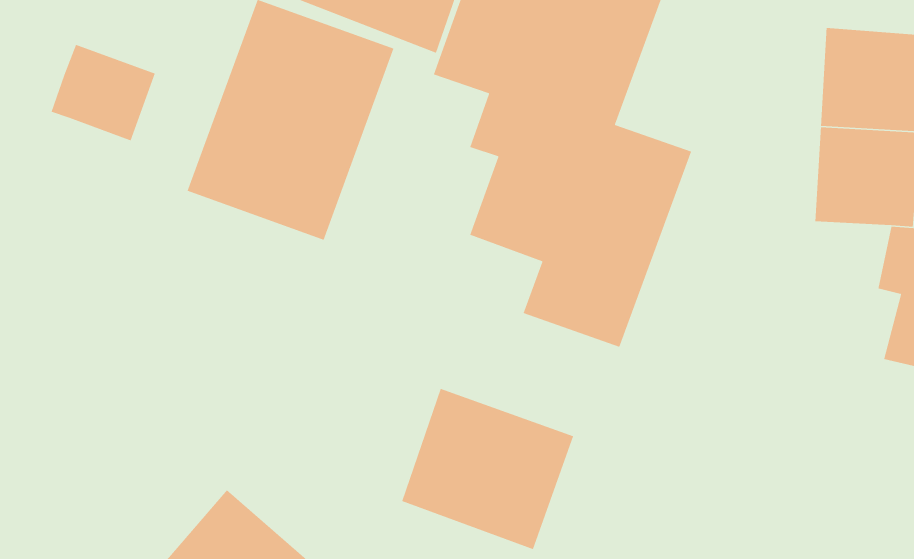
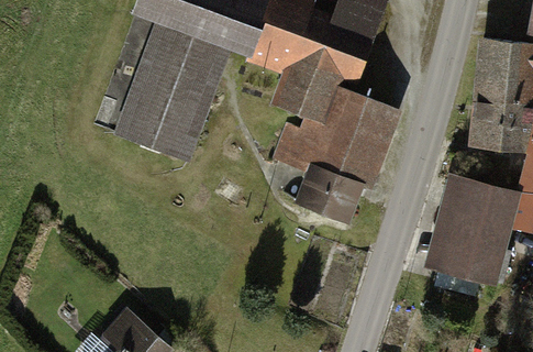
building: [51,44,156,142] -> none
building: none -> [426,174,519,287]
building: [401,388,574,550] -> none

